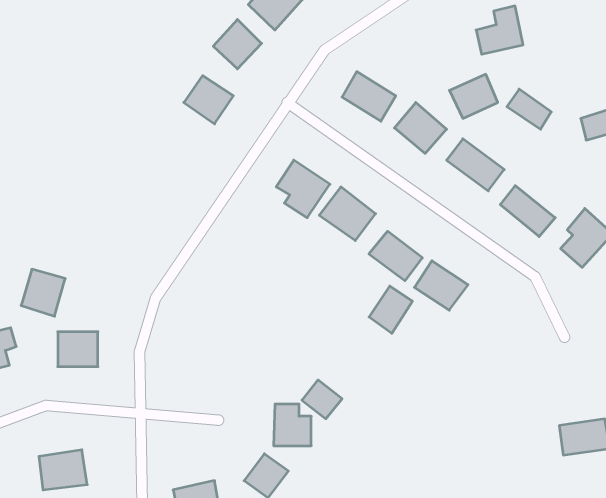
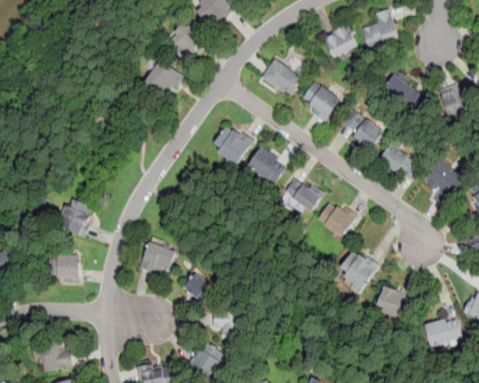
building: [449,74,498,118] -> [321,25,357,58]
building: [21,269,65,316] -> [61,199,94,234]
building: [369,286,412,333] -> none
building: none -> [140,241,176,275]
building: none -> [334,250,377,292]
building: none -> [375,285,413,320]
building: [302,380,342,419] -> [186,273,216,302]

